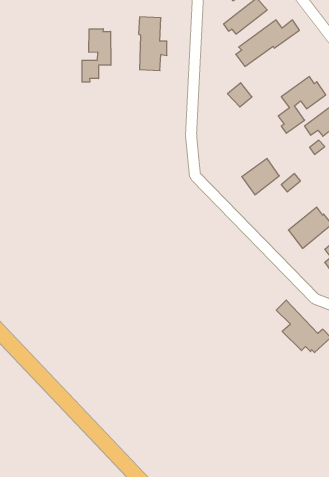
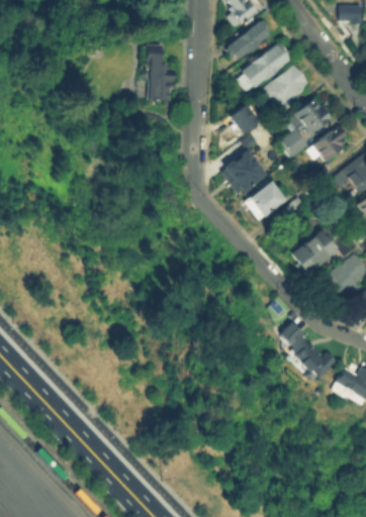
building: [82,29,111,82] -> none
building: none -> [265,65,310,115]
building: none -> [221,151,265,191]

